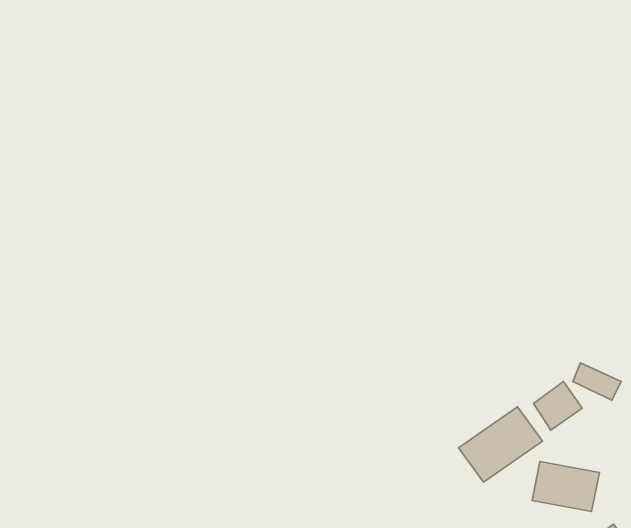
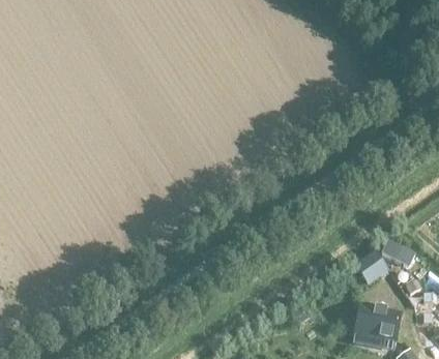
building: [459,407,542,482] -> none

